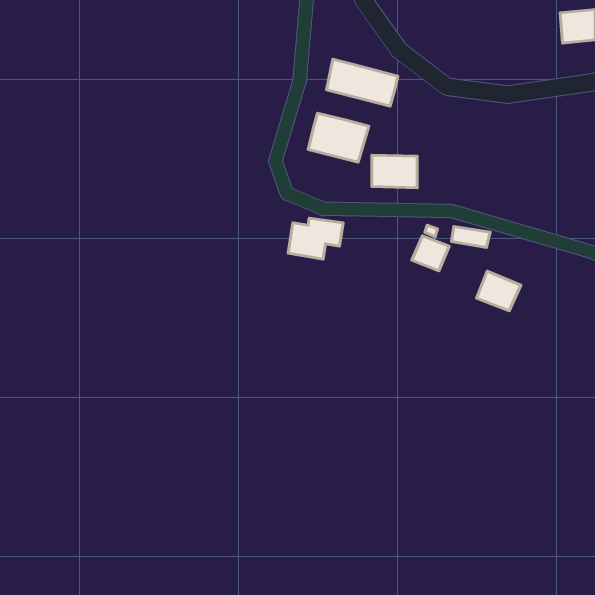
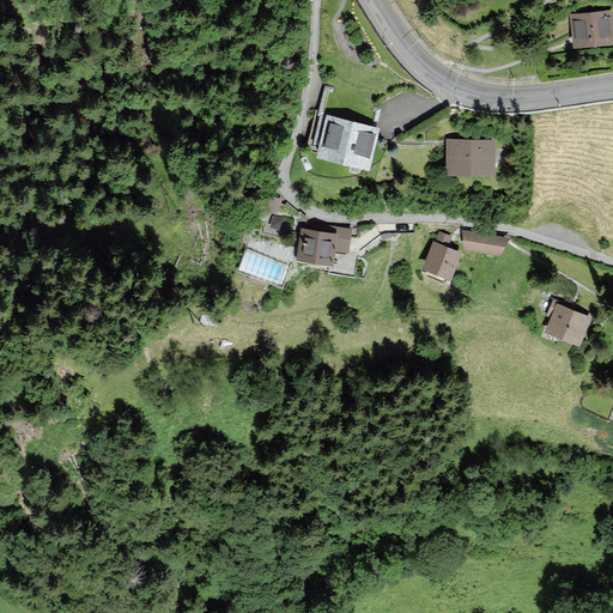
building: [327,59,398,106] -> none
building: [372,155,417,188] -> [447,139,493,172]
building: [477,271,521,311] -> [545,304,590,345]

